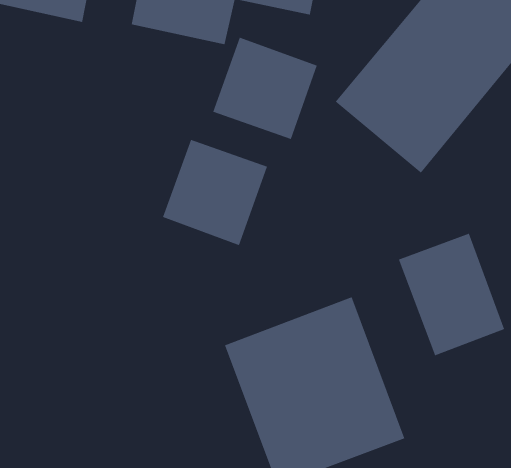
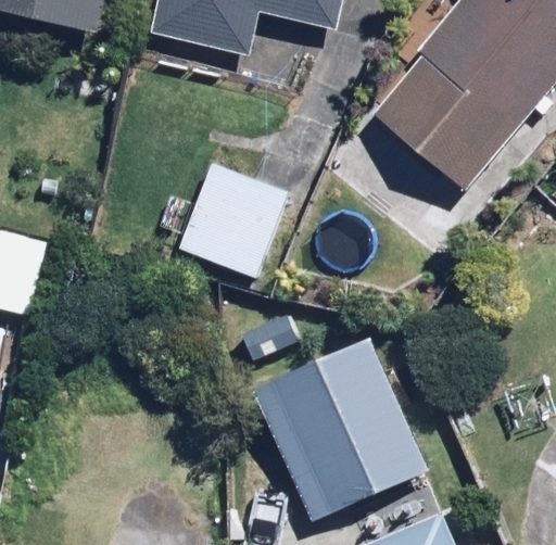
building: [212,37,318,140] -> none
building: [398,233,505,356] -> none

